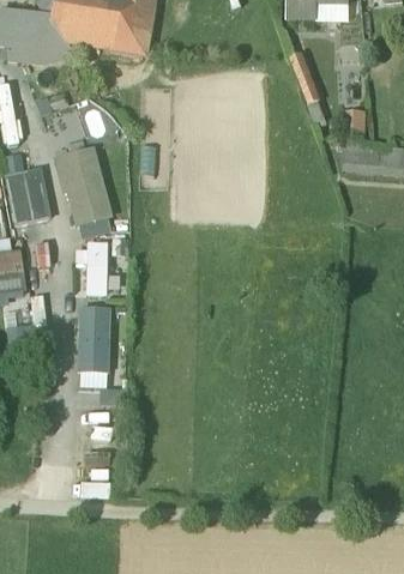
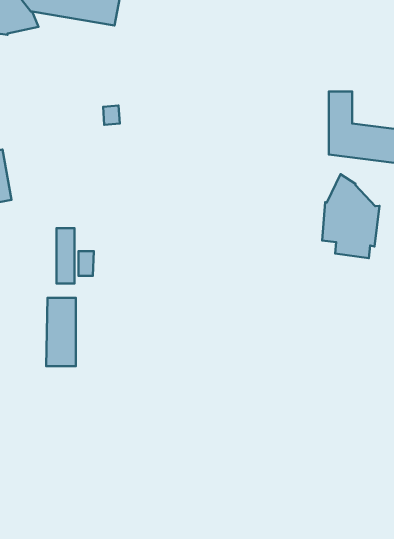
building: [56,152,107,224] -> none
building: none -> [322,174,379,258]

